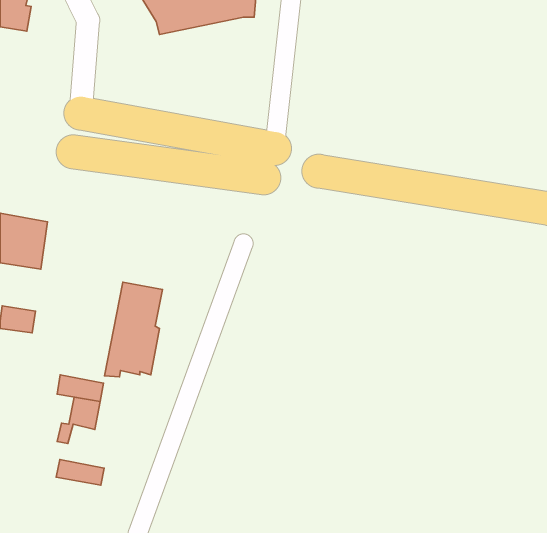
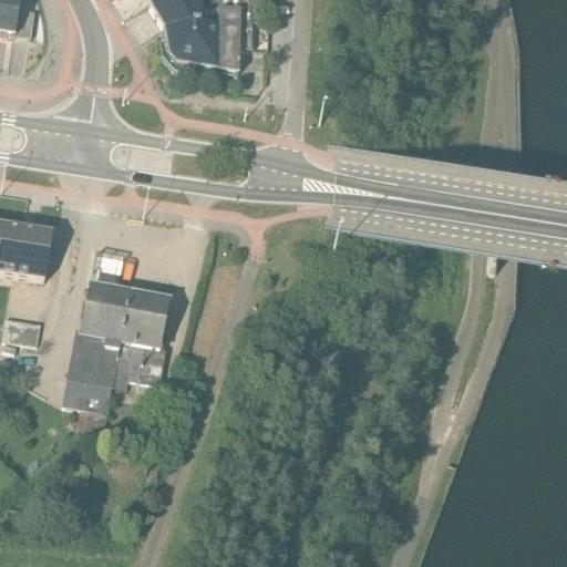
building: none -> [159,18,254,69]
building: none -> [66,282,130,386]
building: [56,459,104,485] -> none

